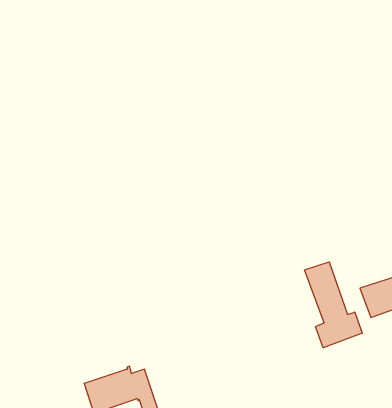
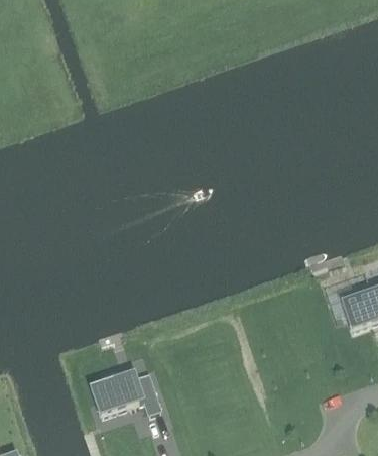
building: [304,262,362,348] -> none

